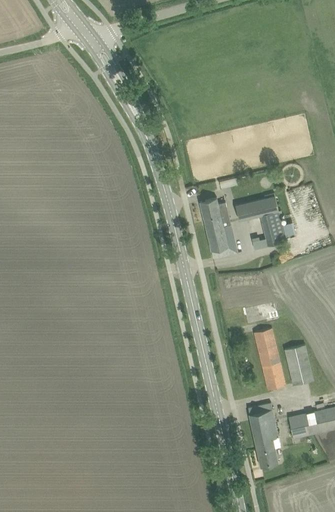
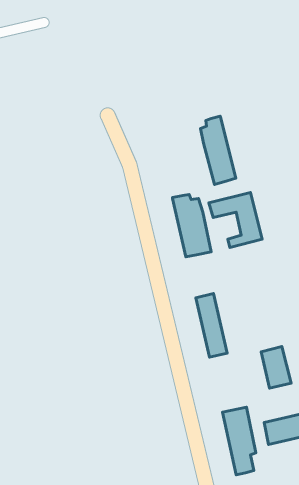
building: none -> [201,116,236,184]
building: [254,328,284,389] -> [196,294,227,357]

